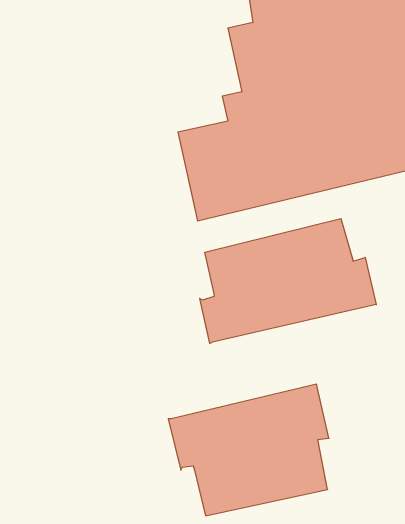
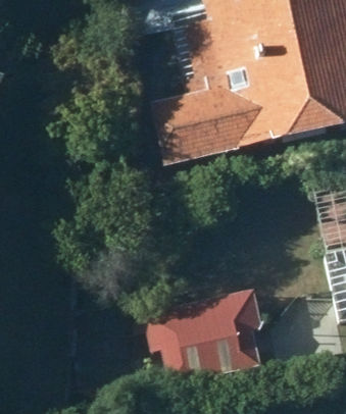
building: [200,219,376,343] -> none

